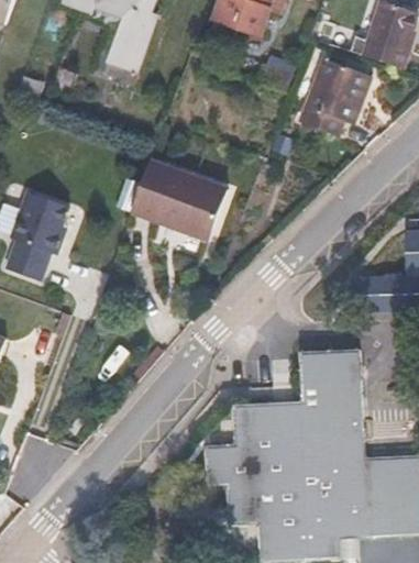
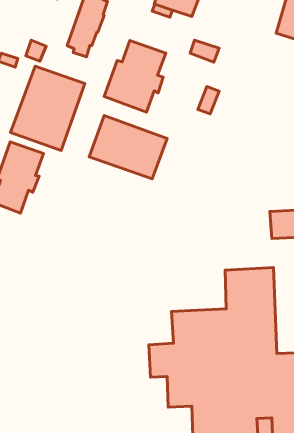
building: [298,58,371,136] -> none
building: none -> [104,40,166,112]
building: none -> [11,66,85,150]

